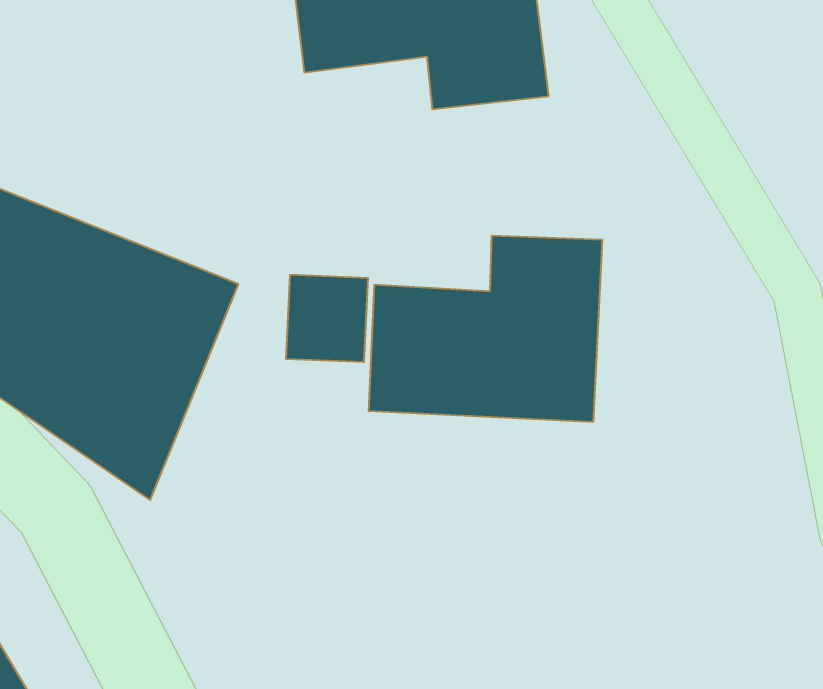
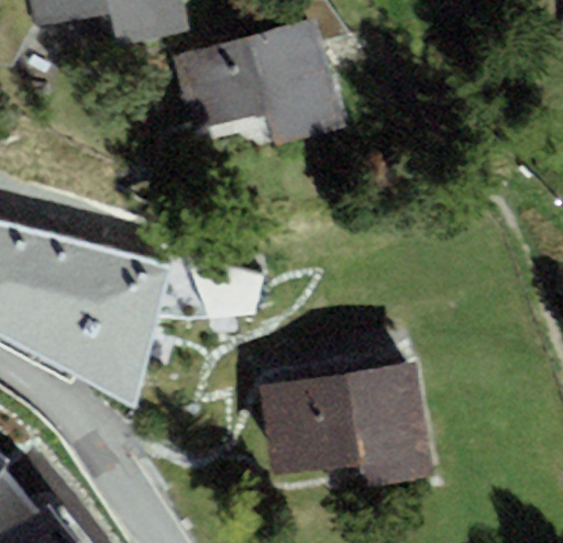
building: [369,236,602,422] -> none
building: none -> [258,361,431,486]

